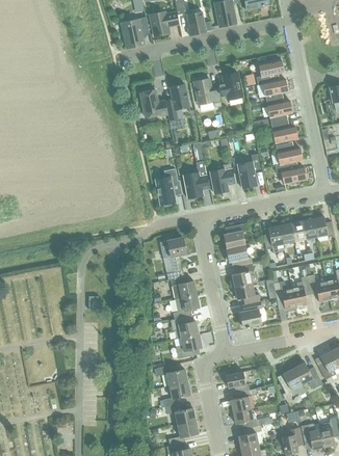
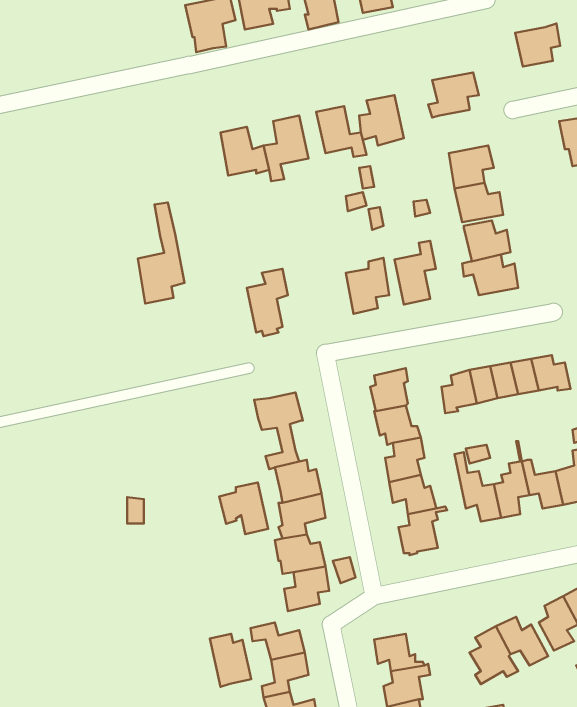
building: [262,78,287,102] -> [515,23,560,66]
building: [183,142,209,198] -> [138,202,185,303]
building: none -> [219,483,268,534]
building: none -> [210,634,251,687]

